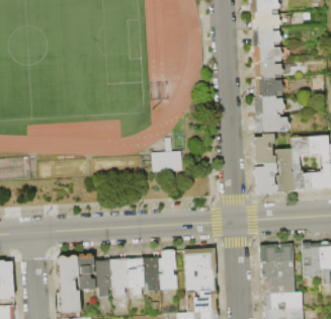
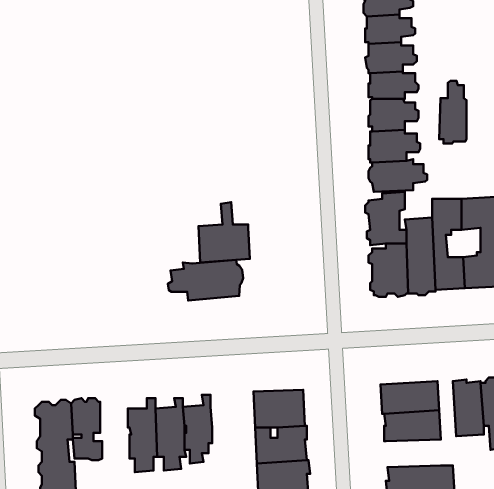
building: none -> [439,81,467,144]
building: none -> [168,260,243,300]
building: [159,250,177,291] -> none
building: [94,255,111,298] -> none
building: [261,278,295,295] -> none

